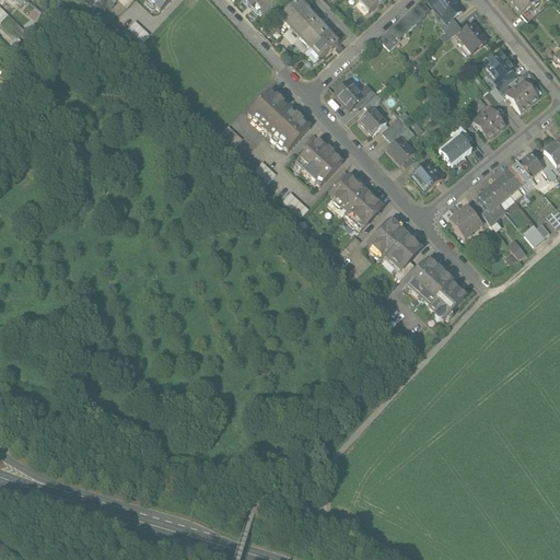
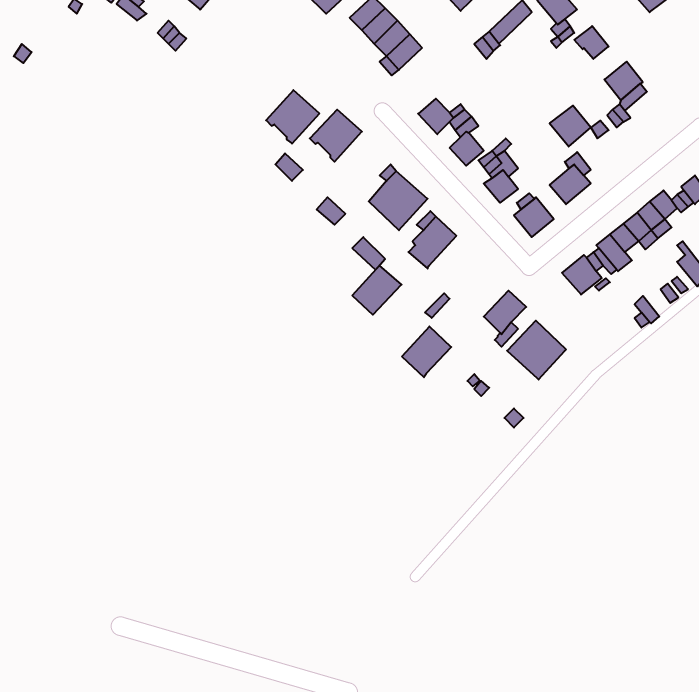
building: [506,77,538,109] -> none
building: [472,104,505,137] -> [550,106,591,147]
building: [268,105,311,148] -> [266,90,319,144]
building: [343,188,383,228] -> [352,265,402,315]
building: [368,215,407,256] -> [402,326,451,377]
building: [429,280,466,317] -> none

